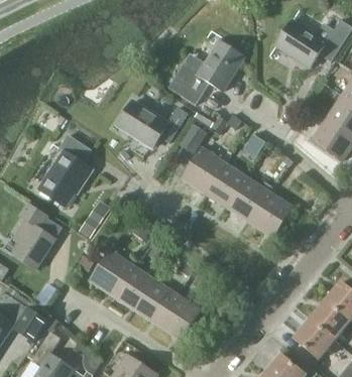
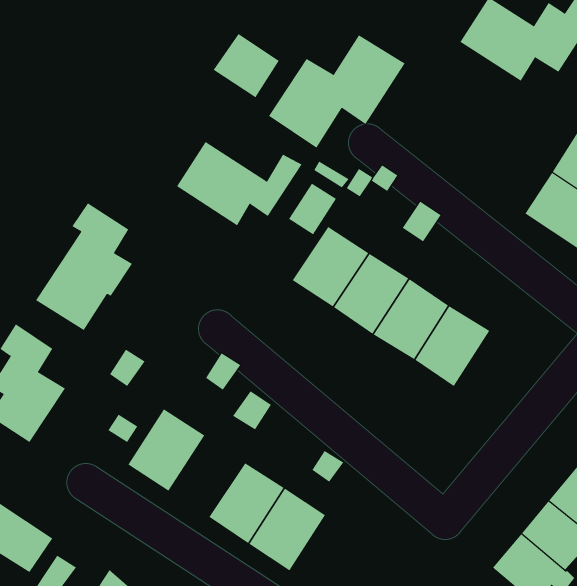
building: none -> [213,33,279,98]
building: [113,264,155,309] -> none

